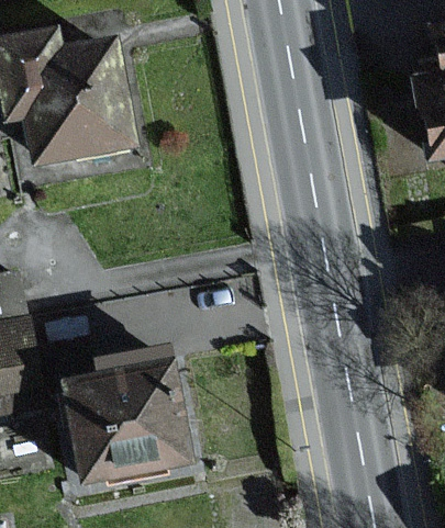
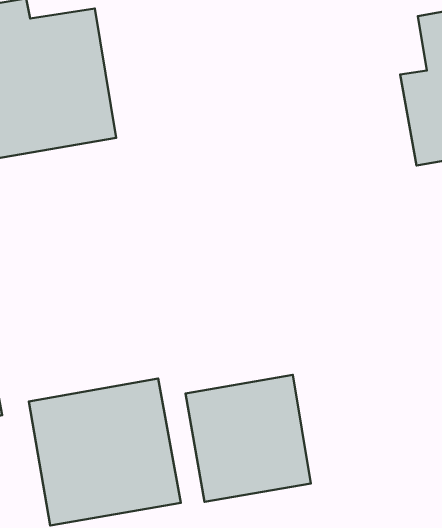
building: none -> [186,375,311,502]

